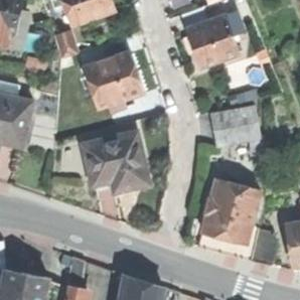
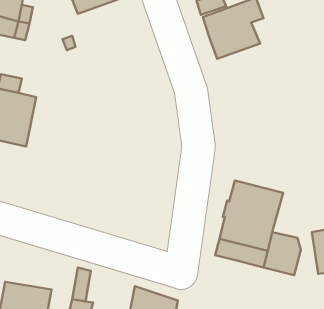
building: [79,66,143,111] -> none
building: [210,106,260,146] -> none
building: [83,131,150,189] -> none

